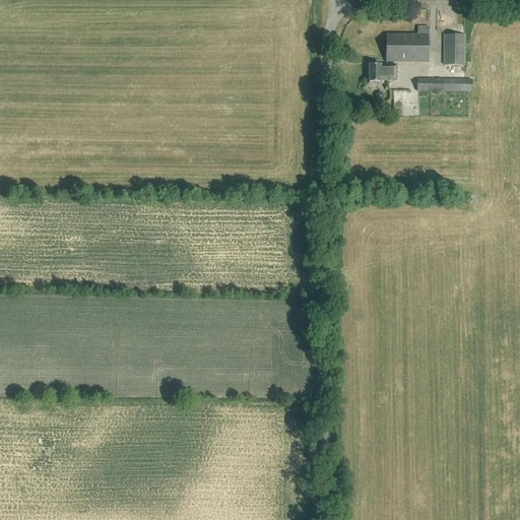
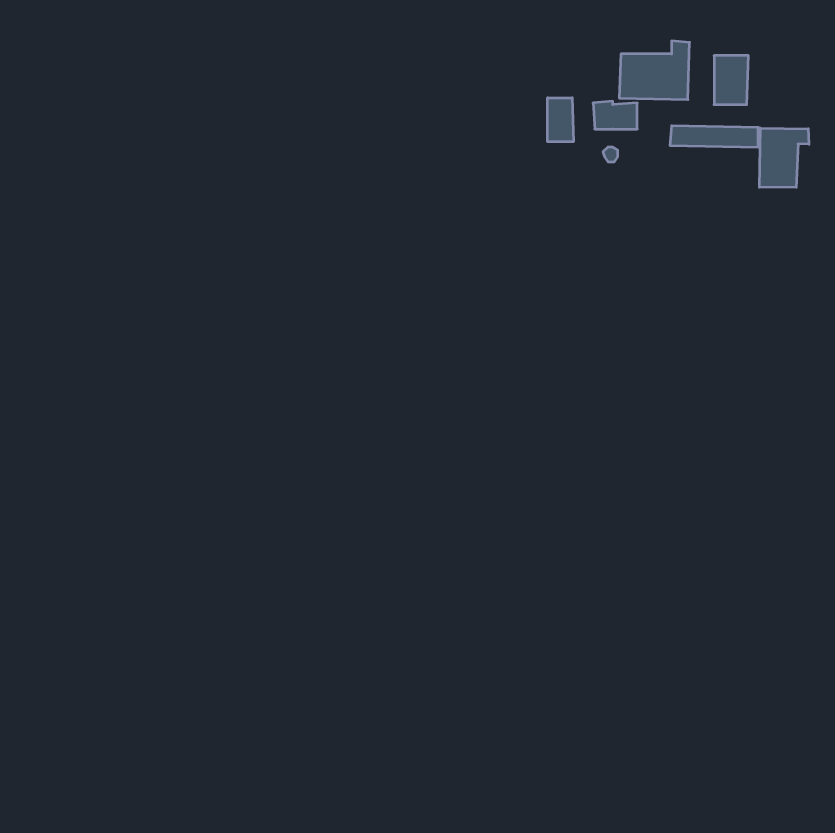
building: none -> [548,98,573,142]
building: none -> [759,128,809,187]

